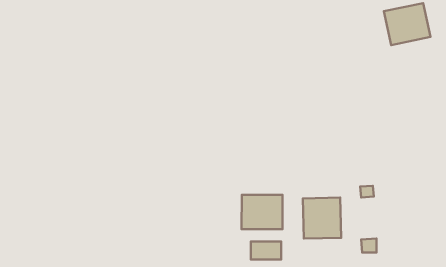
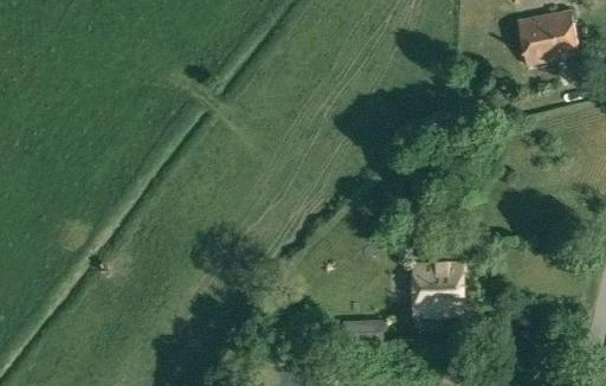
building: [241,195,283,229] -> none

